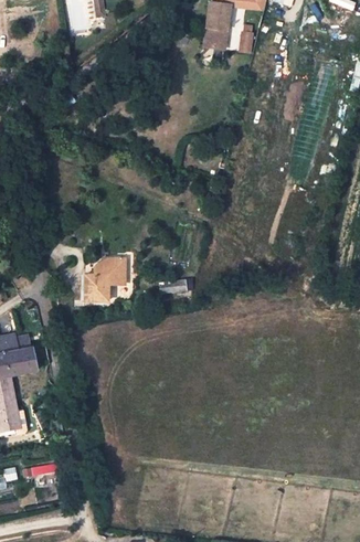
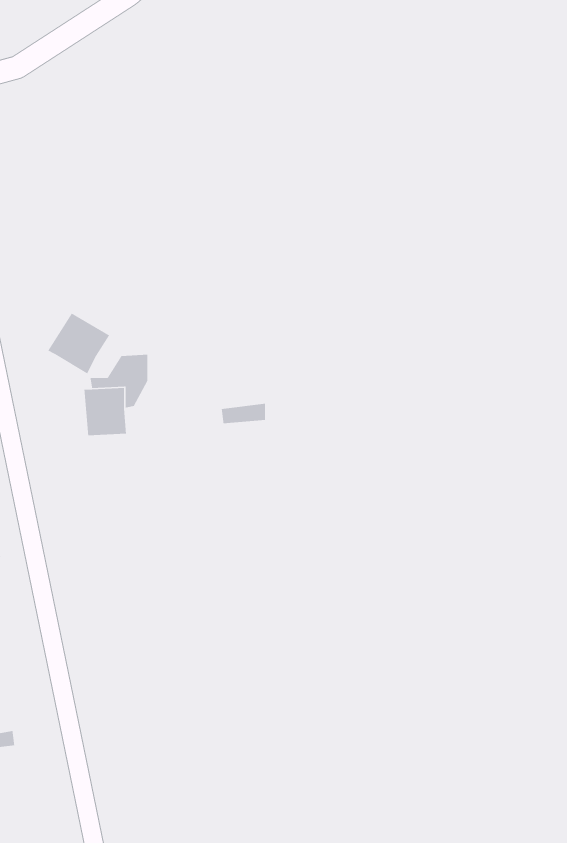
building: none -> [47,313,110,375]

